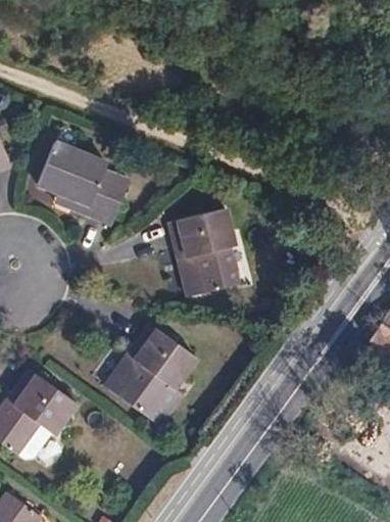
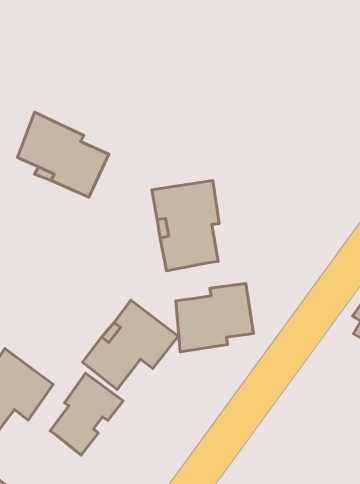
building: none -> [176,284,253,352]
building: none -> [50,373,123,455]

